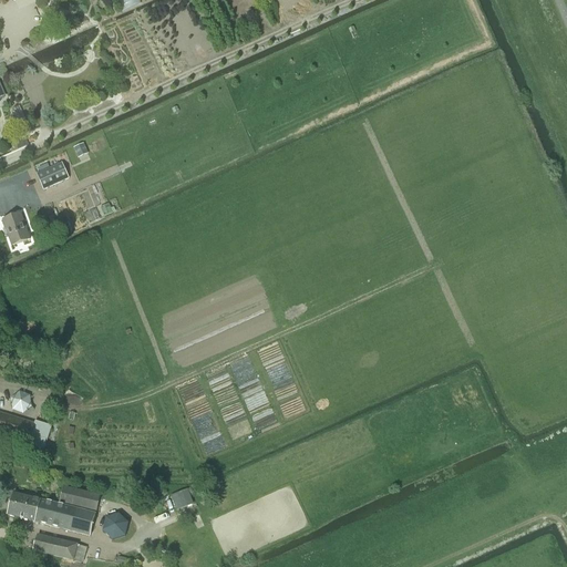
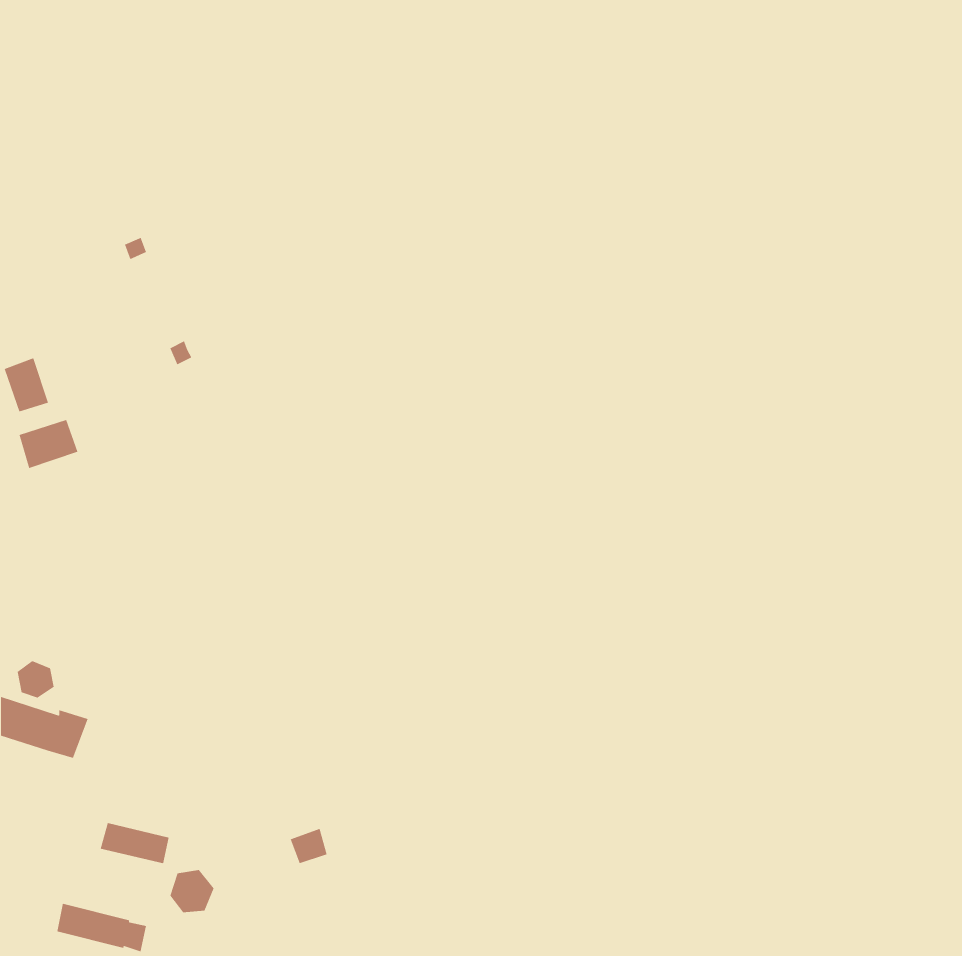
building: [37,161,69,187] -> none
building: none -> [19,419,78,469]
building: [7,491,95,534] -> none

